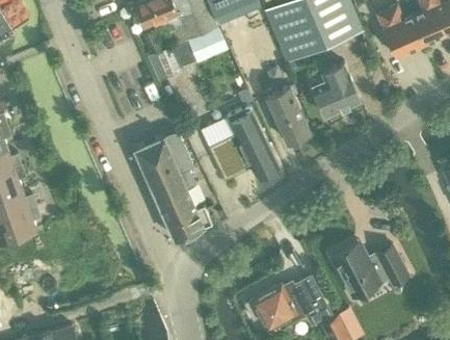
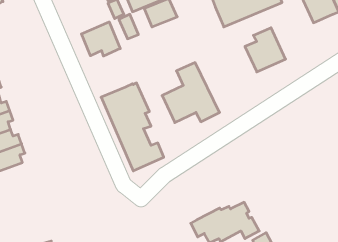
building: none -> [81,22,120,56]
building: [266,86,310,143] -> none
building: [330,243,407,298] -> none

